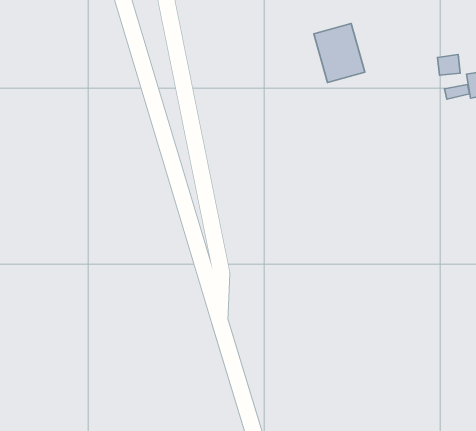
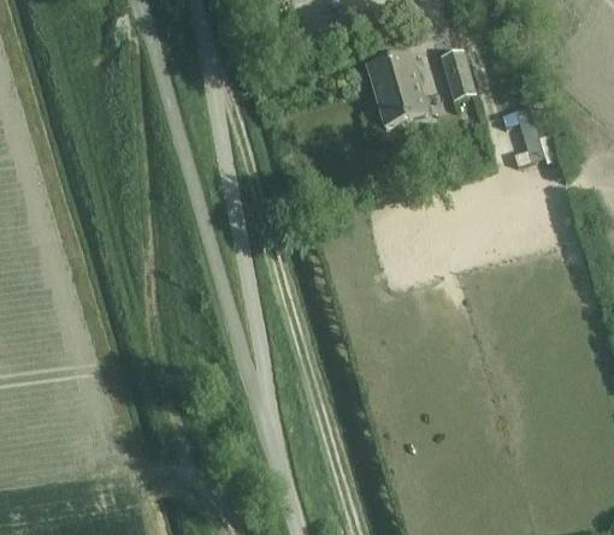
building: none -> [441,49,472,94]

